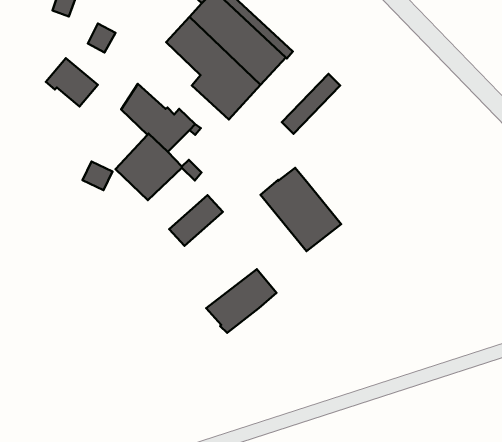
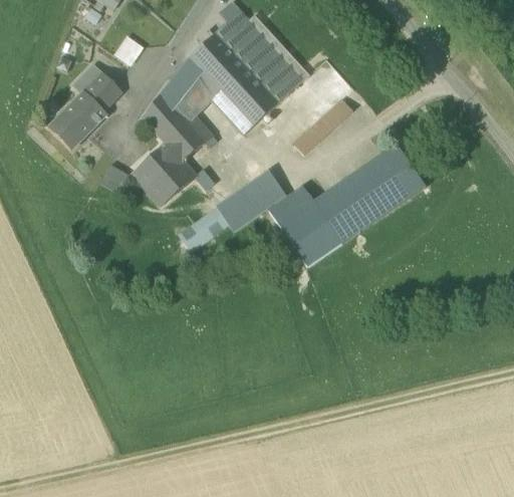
building: none -> [161,56,221,126]
building: none -> [48,90,106,149]
building: none -> [314,144,424,243]
building: [206,269,277,333] -> [218,172,286,230]

